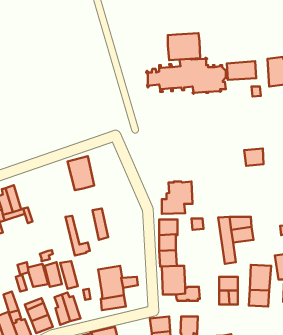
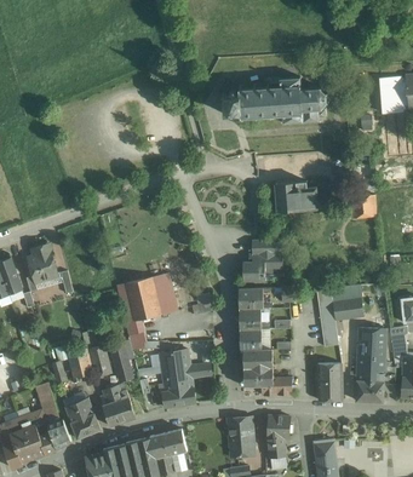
building: [168,33,200,60] -> none
building: [227,61,256,80] -> none
building: none -> [275,180,317,211]
building: [67,156,94,190] -> [125,276,160,321]
building: none -> [358,327,385,349]

